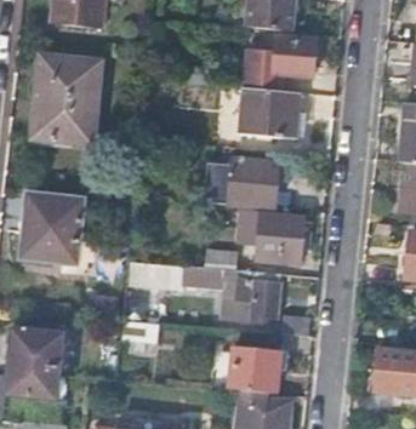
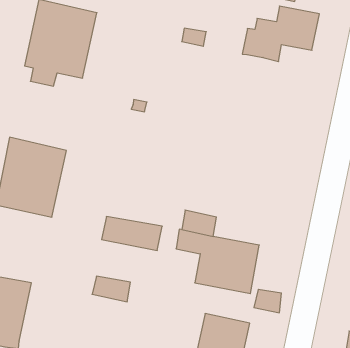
building: [241,87,300,138] -> none
building: [201,158,279,206] -> none
building: [238,210,304,263] -> none

